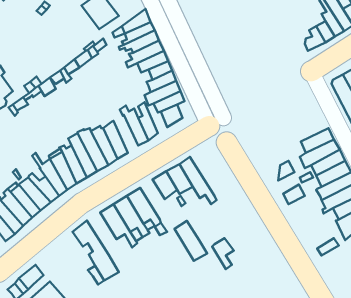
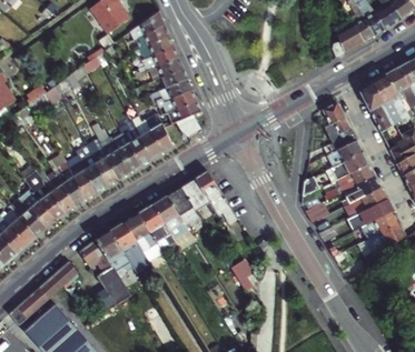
building: none -> [323,102,357,154]
building: none -> [113,114,151,167]
building: none -> [96,231,134,276]
building: [174,221,207,261] -> [154,195,189,239]
building: none -> [40,262,79,299]

